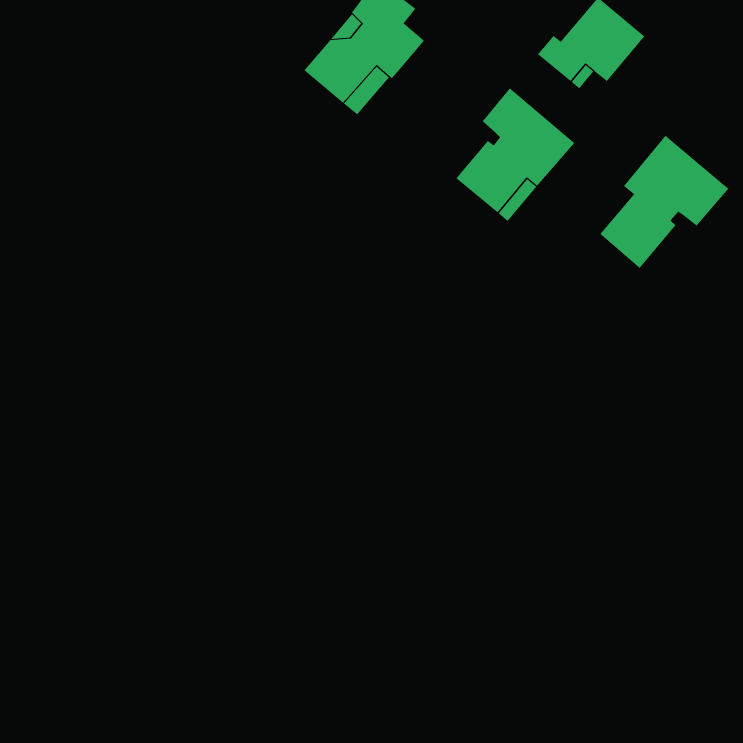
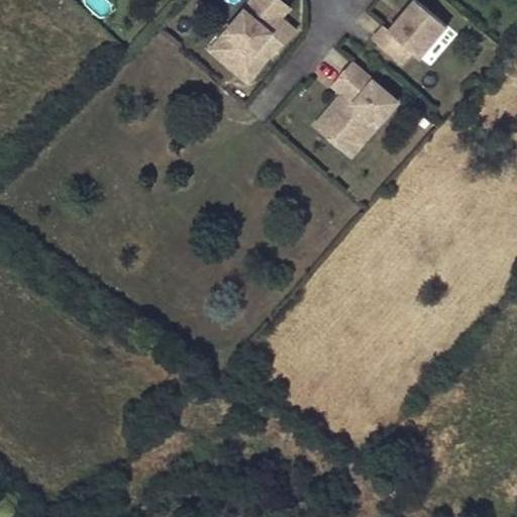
building: [599,135,729,269] -> none

